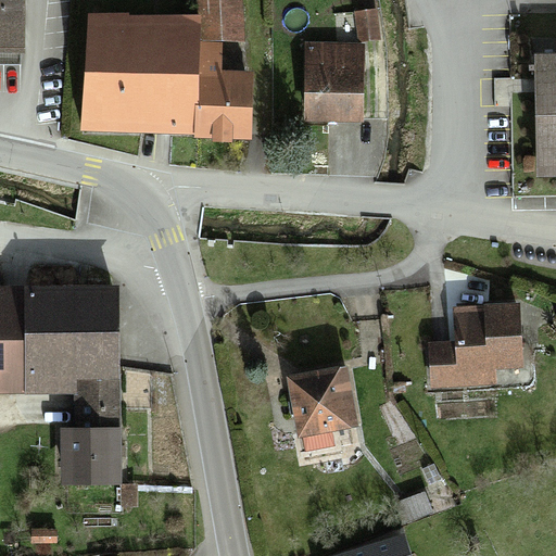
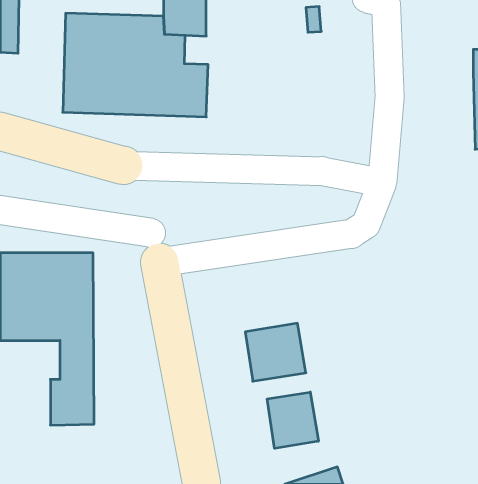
building: [306,43,361,119] -> none
building: [433,306,520,387] -> none
building: none -> [267,392,318,448]

